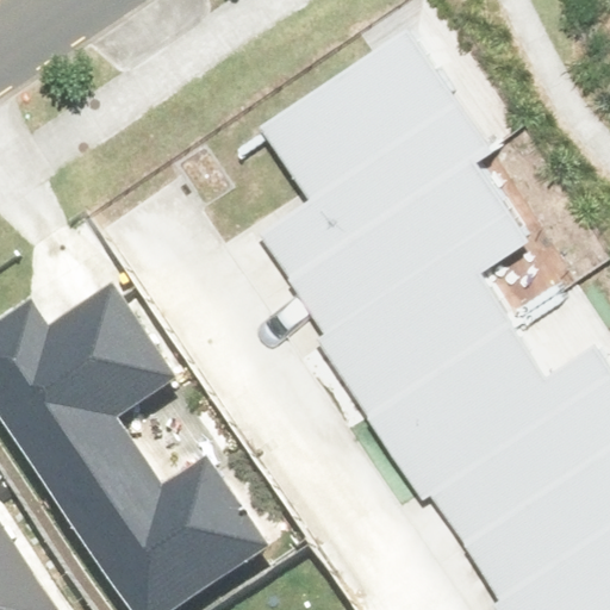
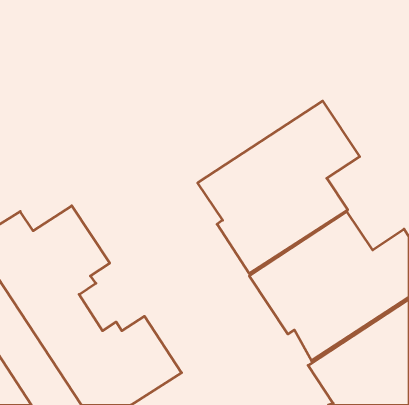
building: [263,25,486,269] -> none

